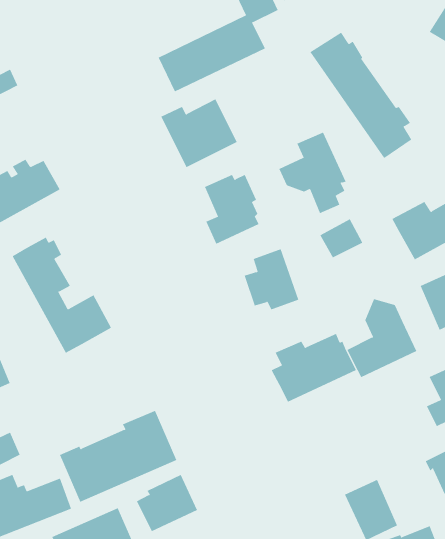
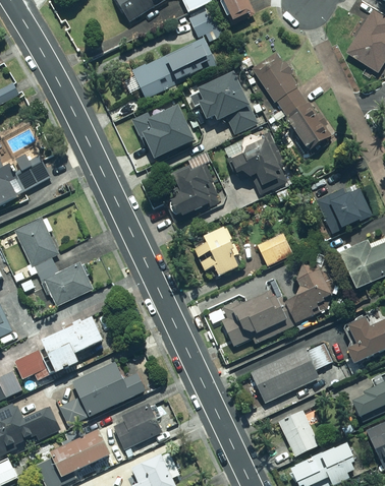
building: none -> [191,72,259,135]
building: [320,218,363,258] -> [258,233,292,264]
building: none -> [14,317,102,380]
building: none -> [252,342,338,402]

